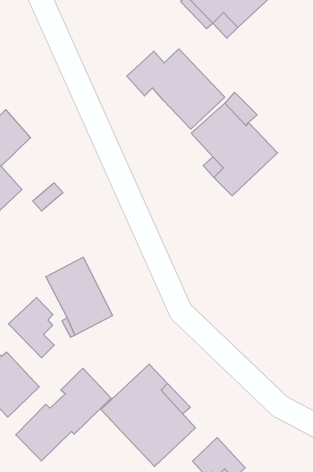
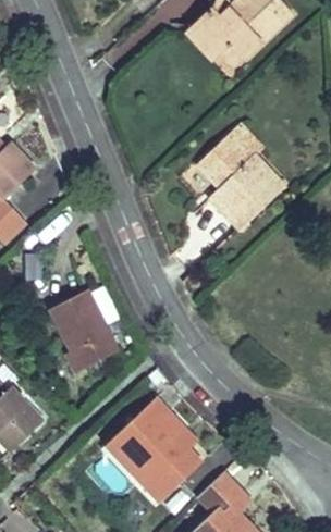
building: [127,49,225,129] -> none
building: [9,297,54,358] -> none
building: [16,368,111,461] -> none

